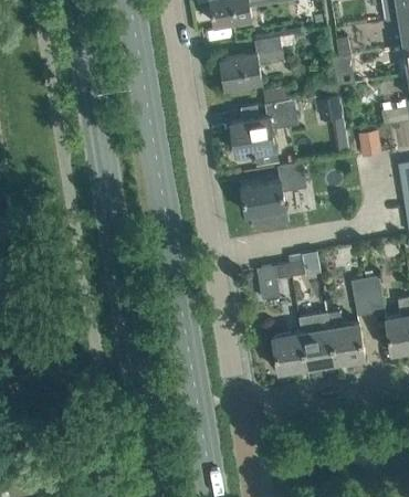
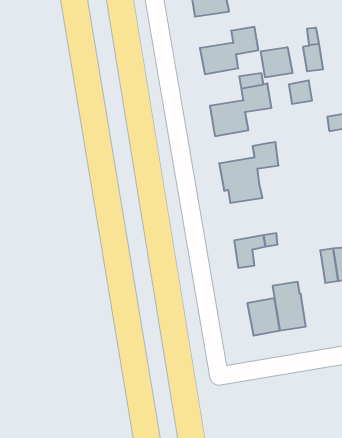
building: none -> [261,47,293,77]
building: [326,313,364,363] -> none

